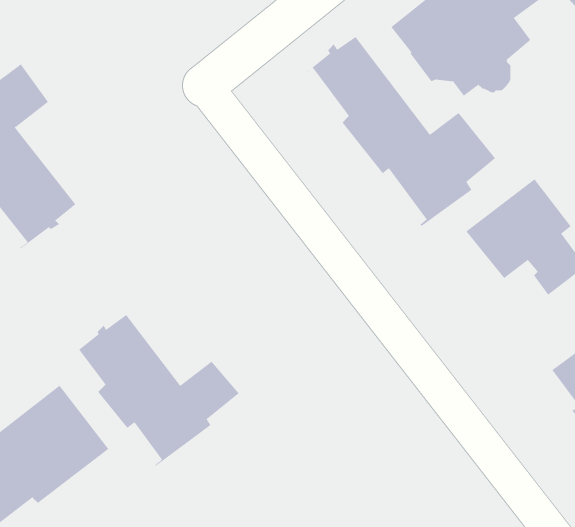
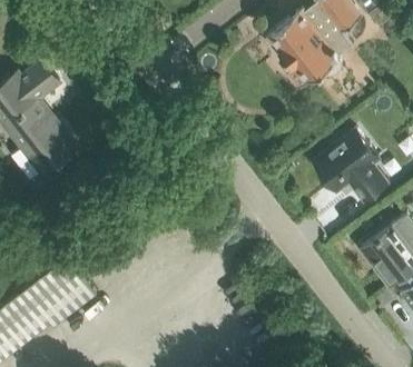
building: [305,36,496,227] -> none
building: [71,314,239,467] -> none

